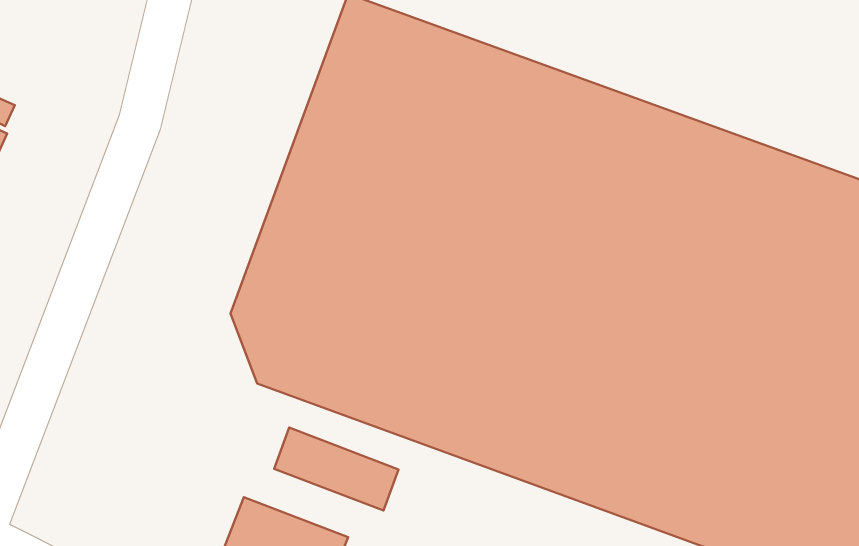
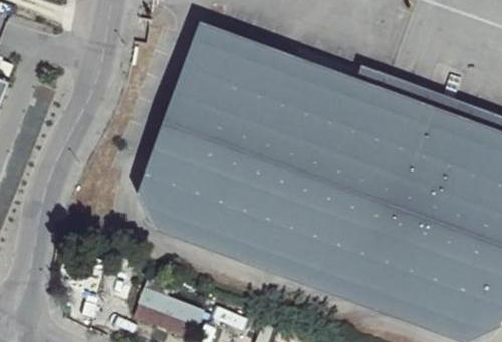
building: [274,428,399,511] -> none

